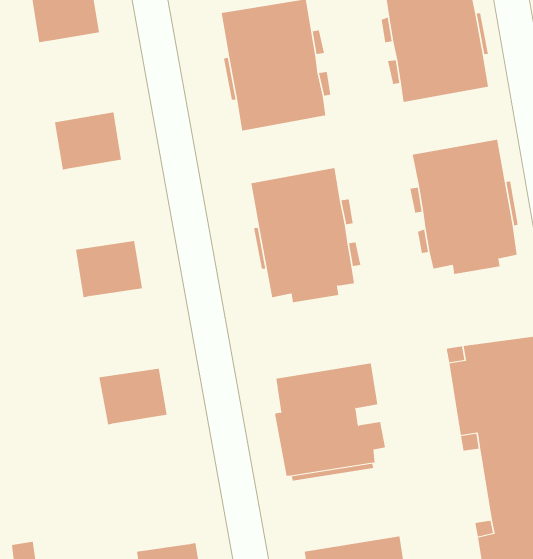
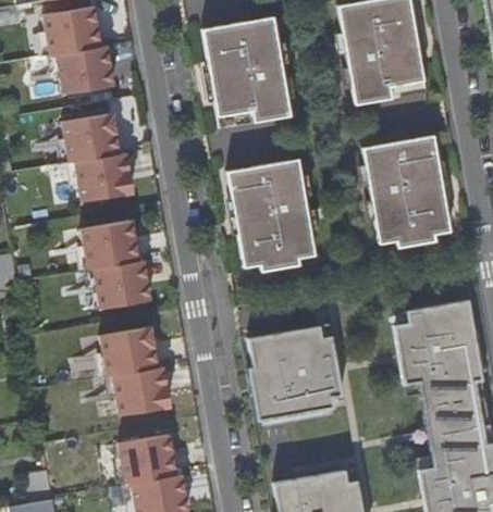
building: none -> [58,46,115,95]
building: none -> [76,152,134,201]
building: none -> [94,260,150,309]
building: none -> [113,366,171,414]
building: none -> [120,434,177,482]

